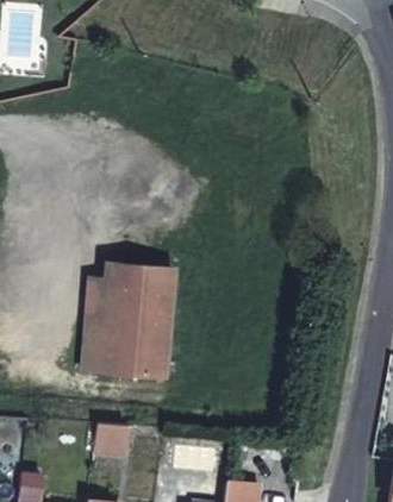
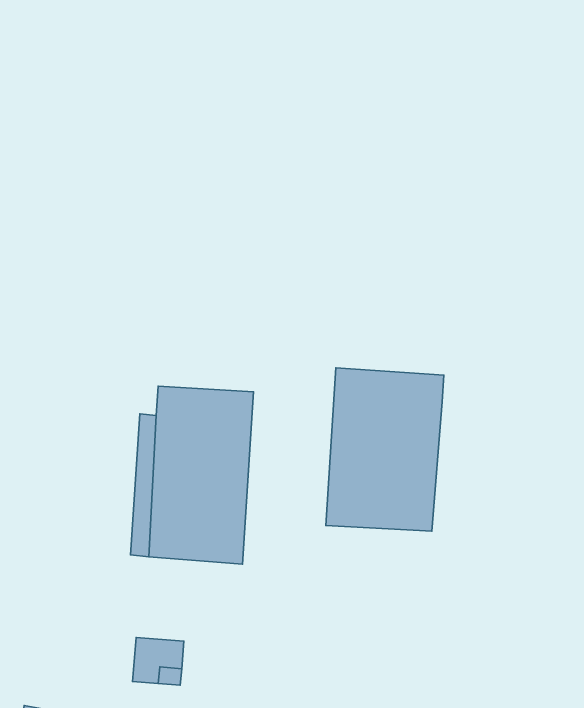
building: none -> [326,368,444,531]

